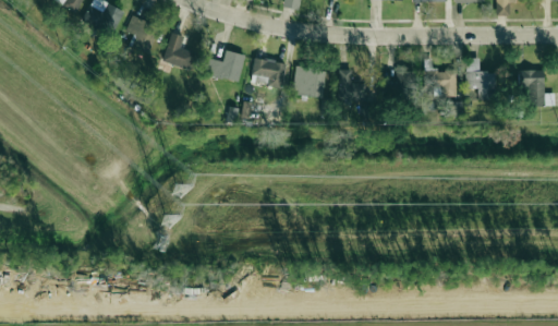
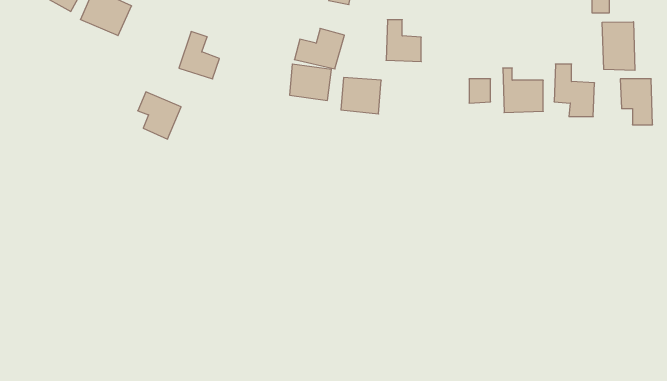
building: [125,15,160,53] -> [138,92,181,139]
building: none -> [602,22,635,70]
building: [206,49,246,82] -> [294,28,344,69]
building: [339,68,367,101] -> [386,20,421,62]

